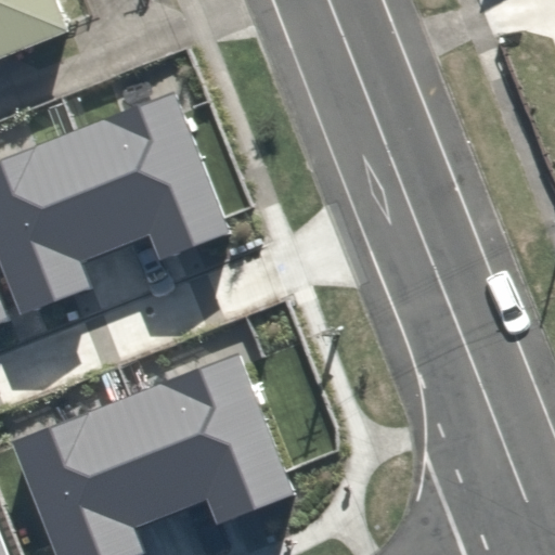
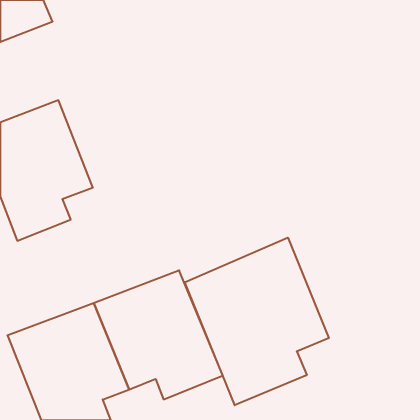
building: [77,93,230,261] -> none
building: none -> [185,238,329,405]

